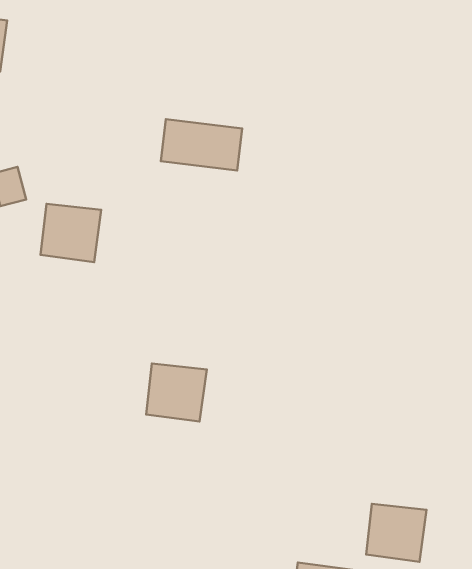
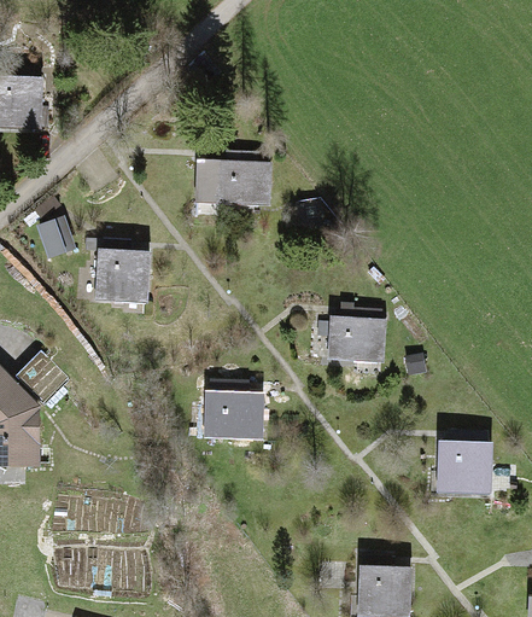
building: none -> [331,313,384,363]
building: [366,504,427,562] -> [435,440,489,490]

